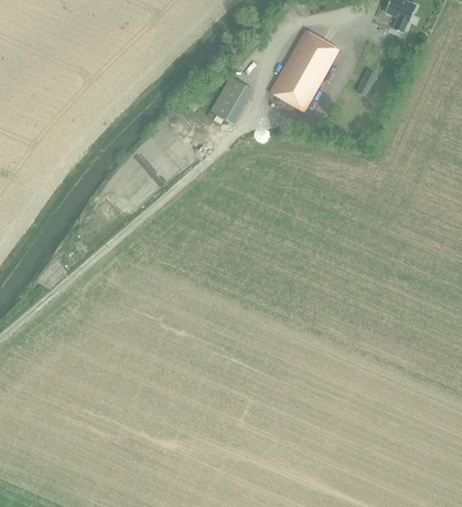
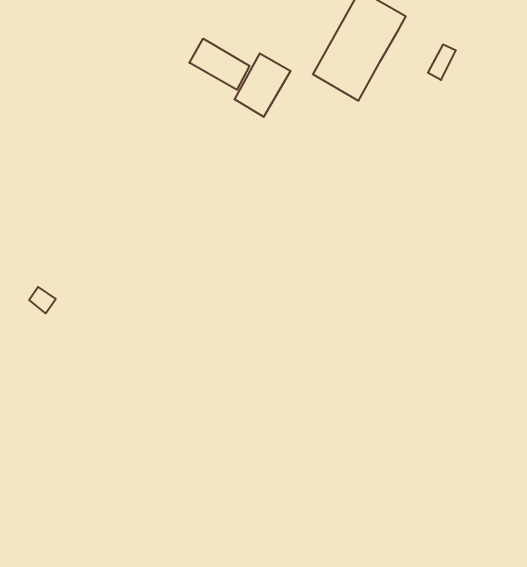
building: none -> [189,39,250,90]

